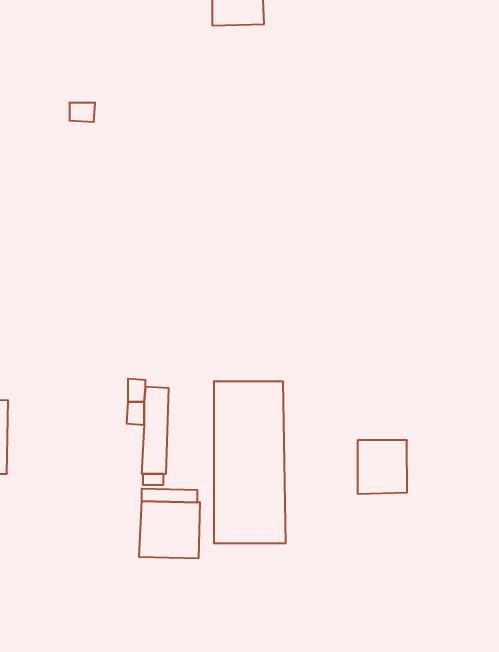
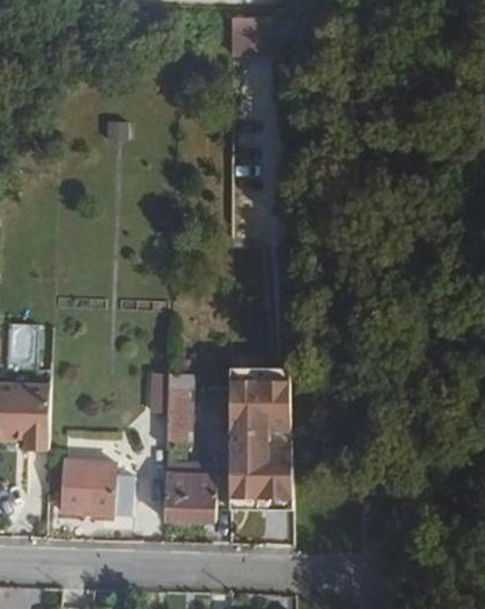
building: [358,440,407,494] -> none
building: none -> [59,460,133,519]

